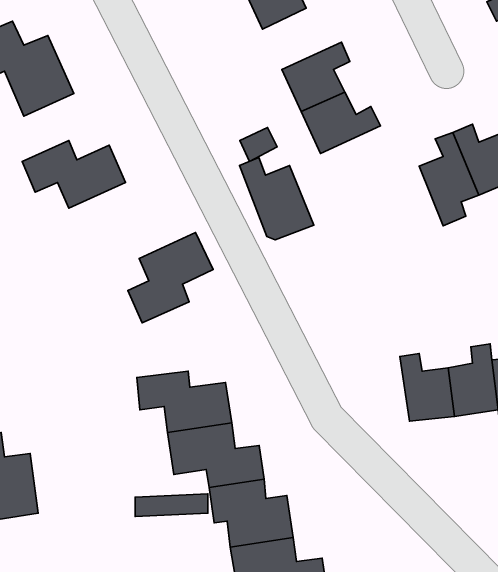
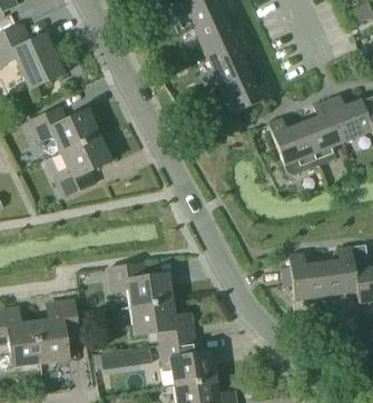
building: none -> [194,13,248,56]
building: [240,158,314,240] -> [267,117,318,174]
building: [128,233,213,323] -> [52,134,111,196]
building: none -> [33,298,77,362]

